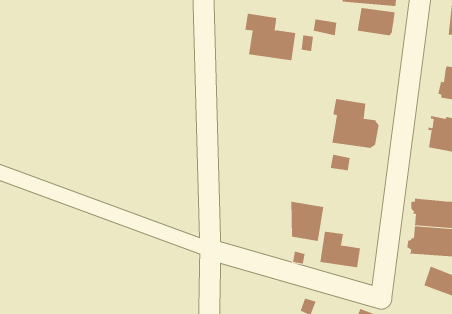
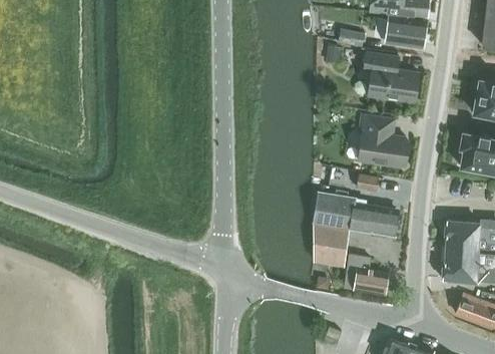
building: [244,13,296,61] -> [364,52,419,103]
building: none -> [314,192,398,237]

